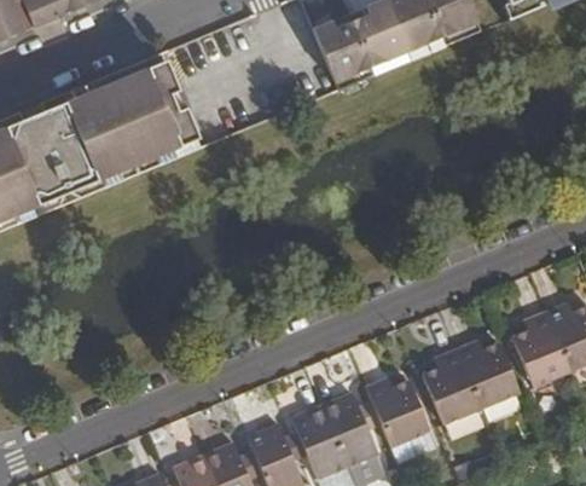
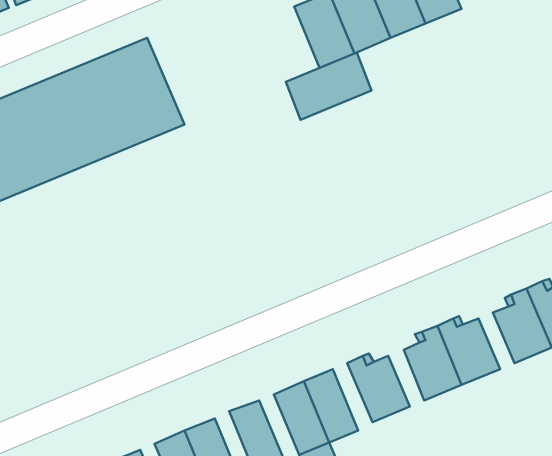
building: none -> [286,53,372,120]

